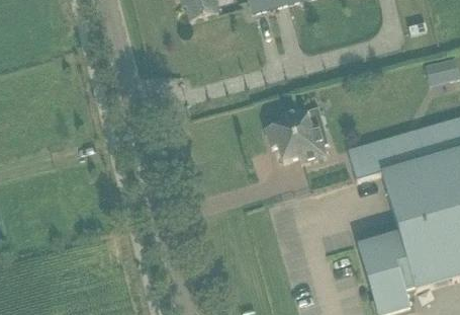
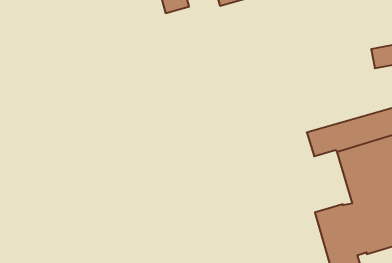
building: [266,105,328,161] -> none

